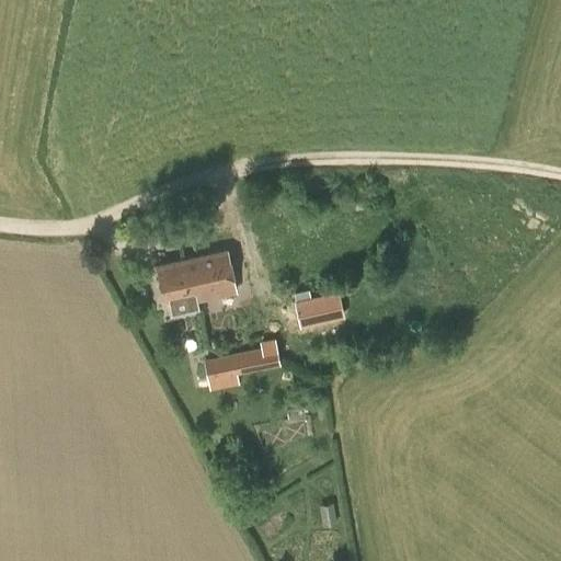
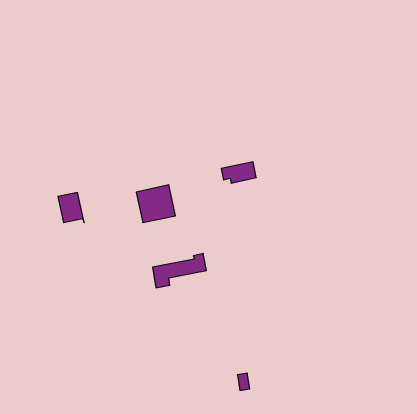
building: [157,262,192,302] -> [58,193,84,223]
building: [296,296,343,324] -> [221,162,256,183]

